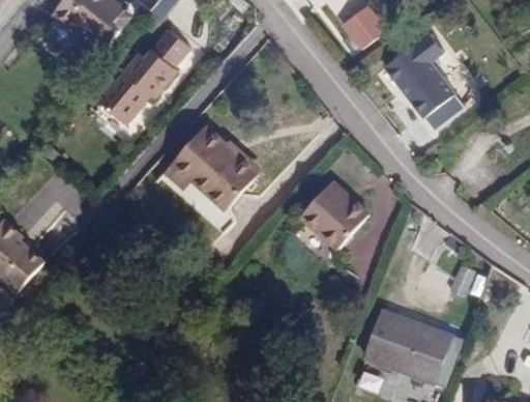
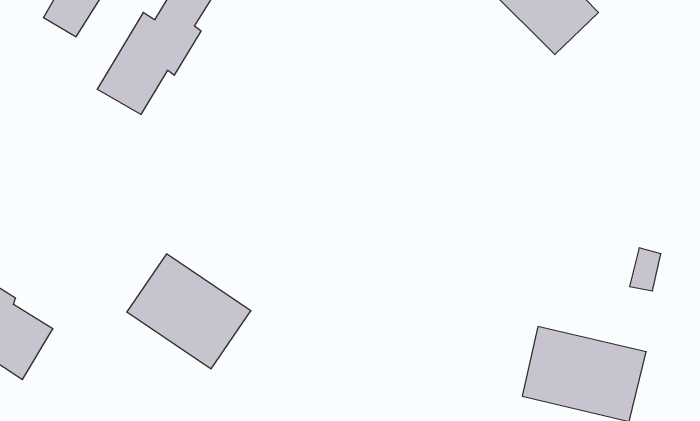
building: [172,127,258,211] -> [127,254,251,369]
building: [300,180,370,250] -> none

